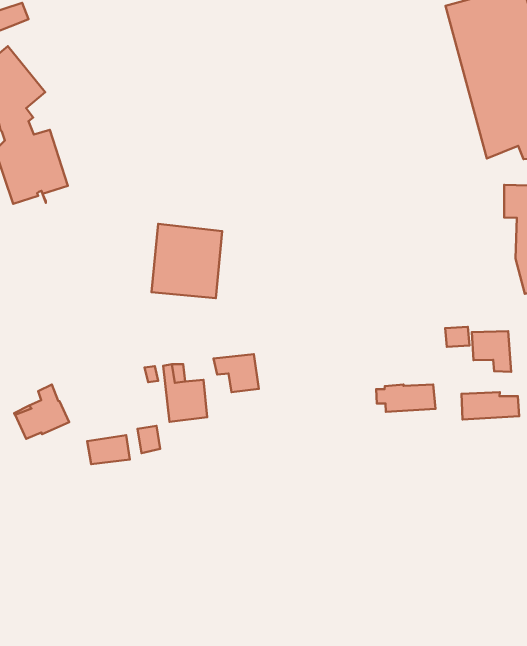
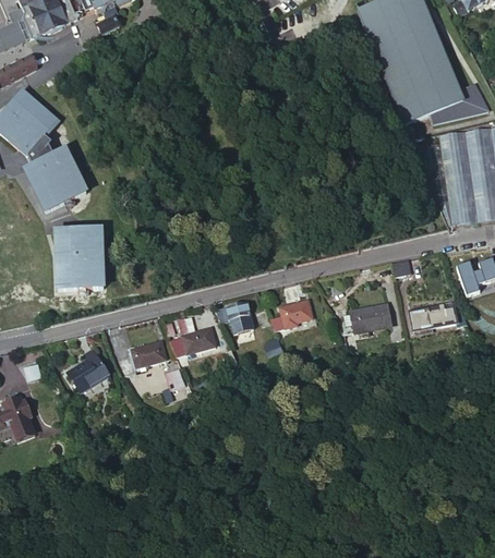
building: [152,224,222,298] -> [56,229,108,283]
building: [472,331,511,372] -> none
building: none -> [269,299,313,330]
building: [87,435,130,464] -> [132,341,167,367]

